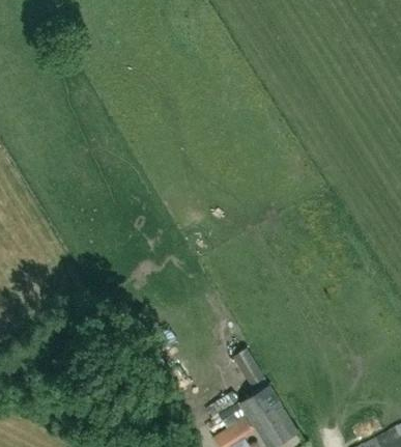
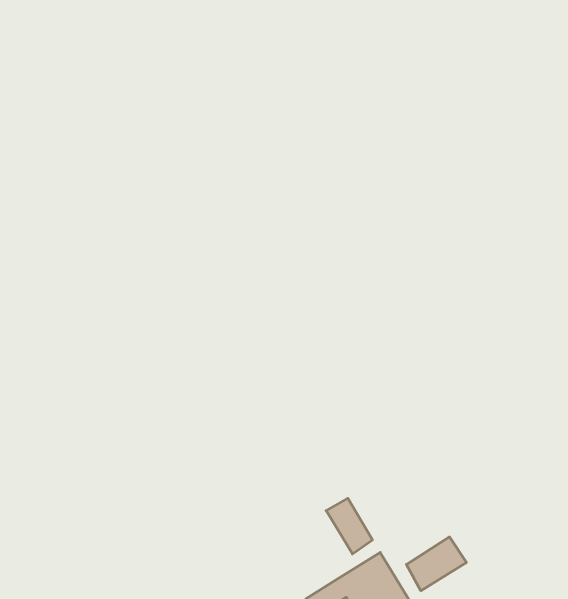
building: none -> [406,537,466,591]

